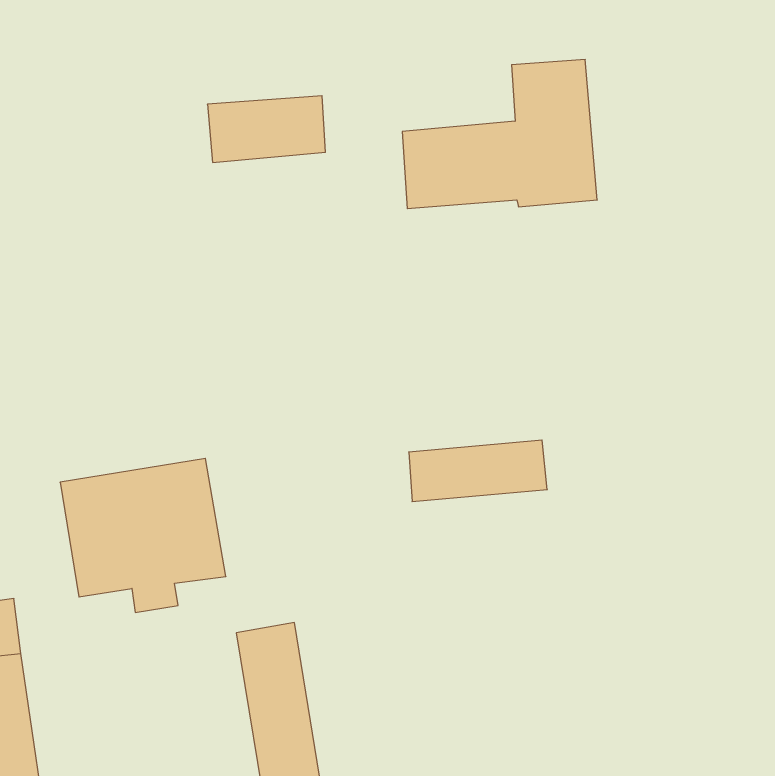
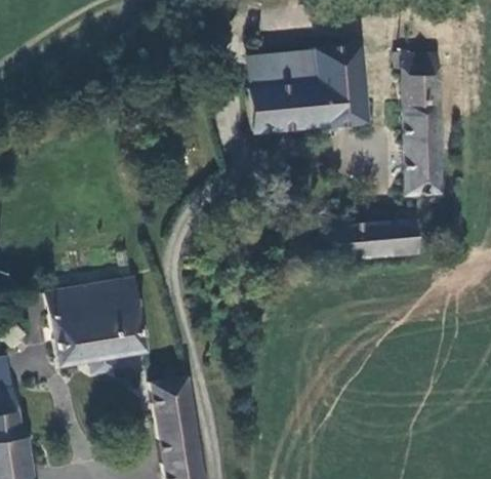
building: none -> [402,54,442,199]
building: [207,96,325,162] -> [246,46,317,86]
building: [409,440,547,502] -> [335,222,418,258]

